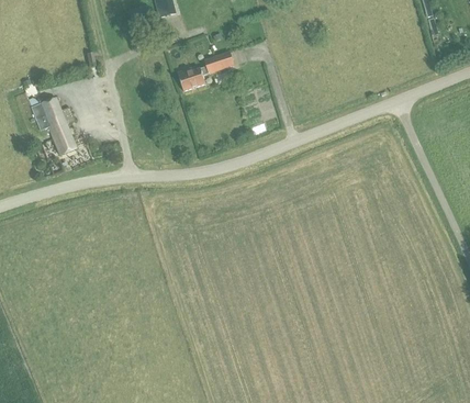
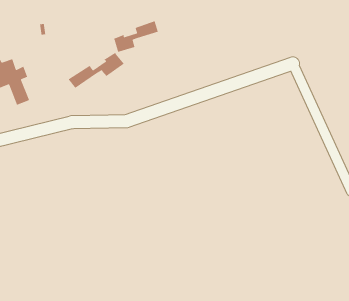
building: none -> [68,52,125,89]

